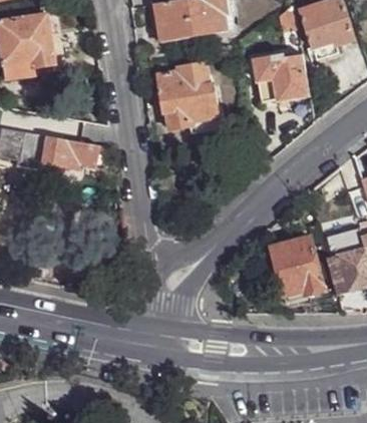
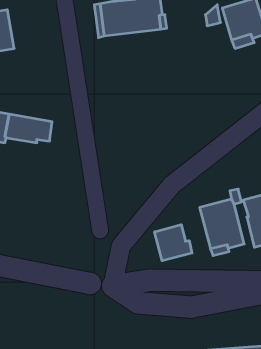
building: [255,56,310,105] -> none
building: [155,63,221,132] -> none
building: none -> [155,225,192,261]

